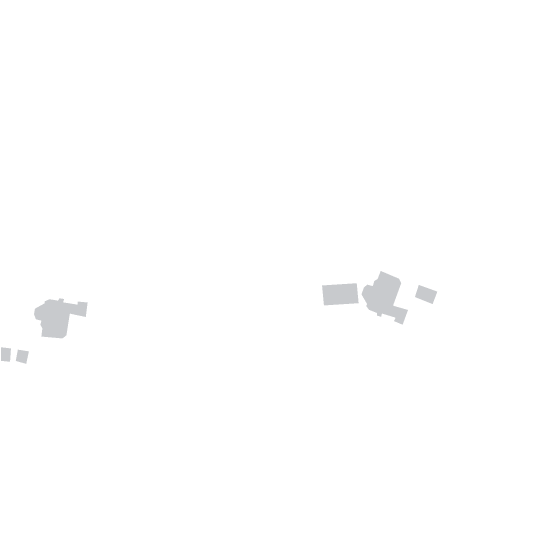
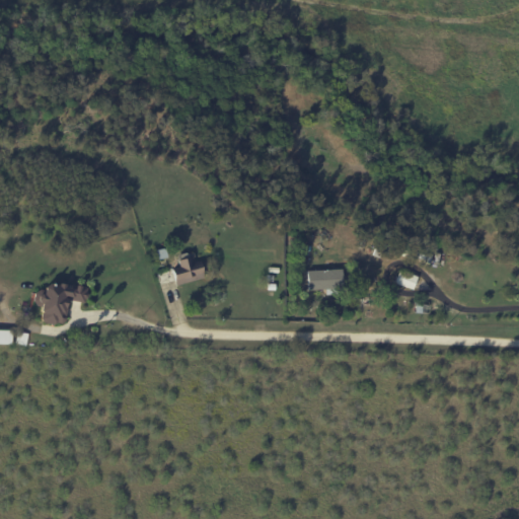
building: [361,270,409,326] -> none
building: none -> [173,256,206,286]

